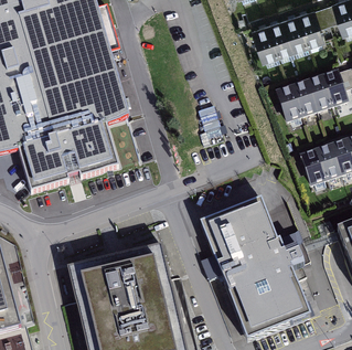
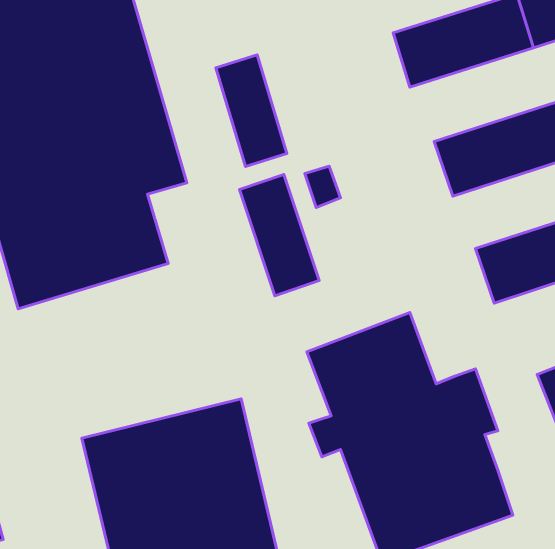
building: none -> [216,55,287,166]
building: none -> [239,174,319,296]

